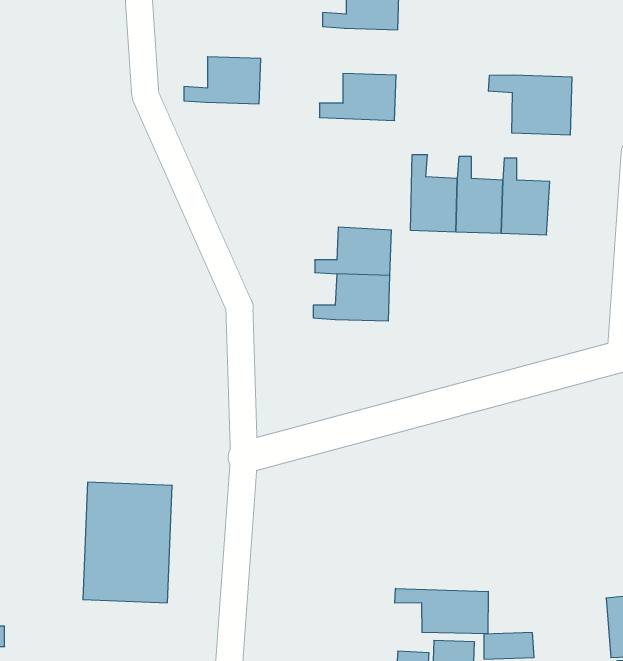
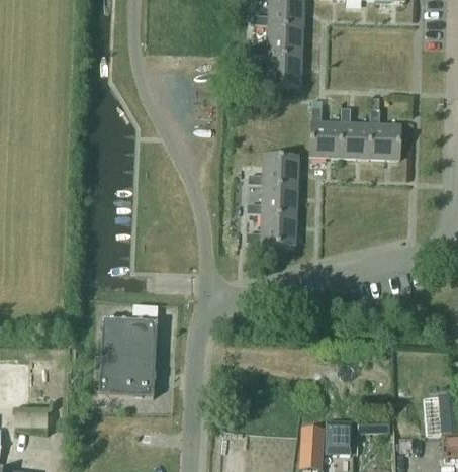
building: [184,57,261,104] -> [253,26,302,57]
building: [489,75,572,135] -> none
building: none -> [247,214,296,245]
building: [395,588,488,634] -> none

